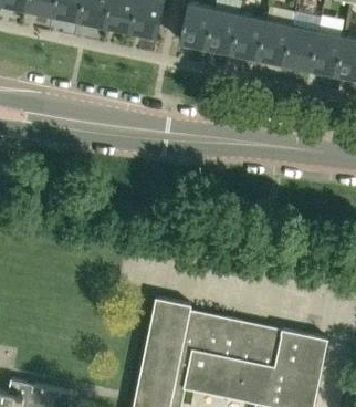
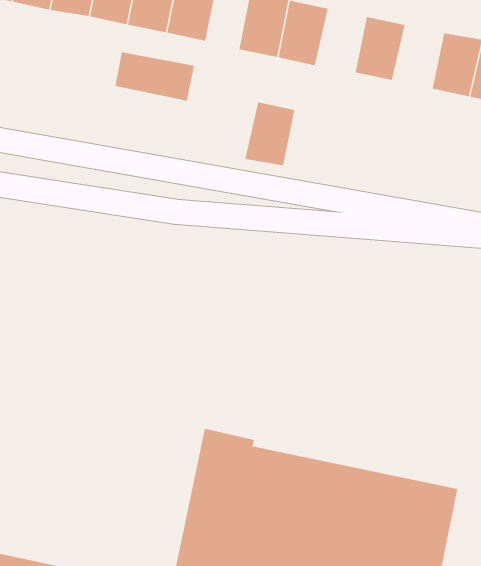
building: [231,14,265,58] -> [244,102,295,166]
building: [283,25,317,69] -> none
building: none -> [115,52,195,101]

